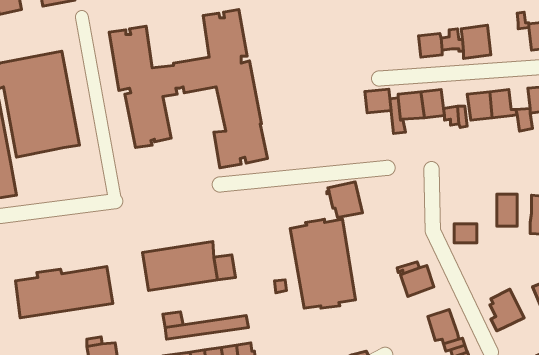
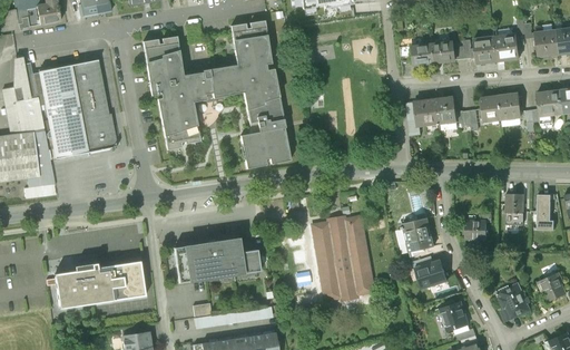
building: none -> [497,32,519,62]
building: [365,89,391,113] -> [410,45,434,67]
building: [327,182,362,218] -> [401,217,434,251]

